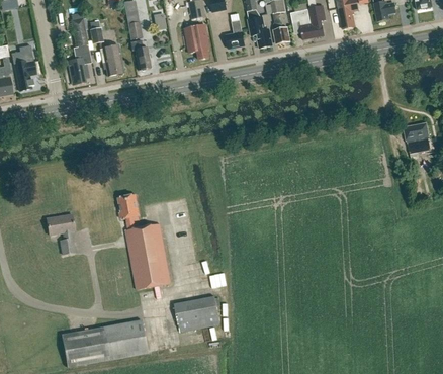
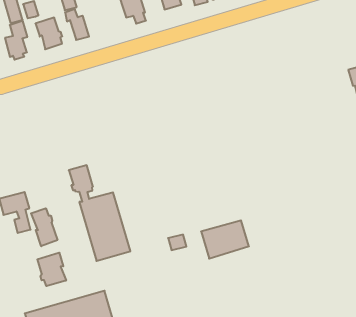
building: none -> [31,208,57,246]
building: none -> [37,253,66,286]
building: [175,295,220,330] -> [201,220,249,259]

